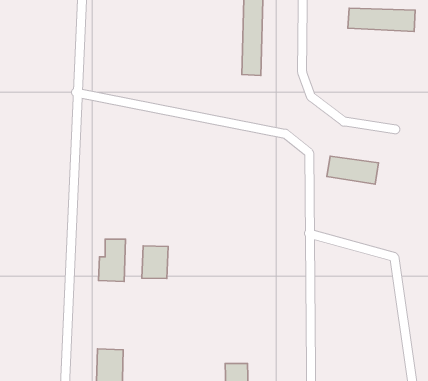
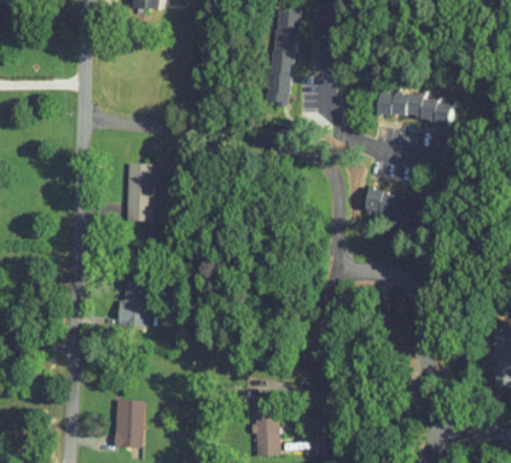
building: [348,8,415,32] -> [377,94,449,120]
building: none -> [126,163,153,221]
building: [142,246,168,279] -> none

